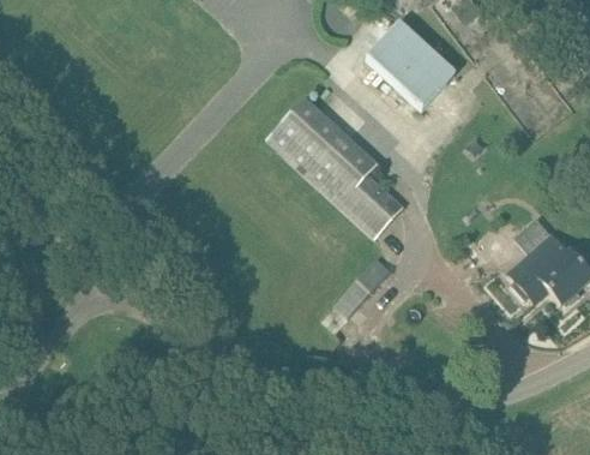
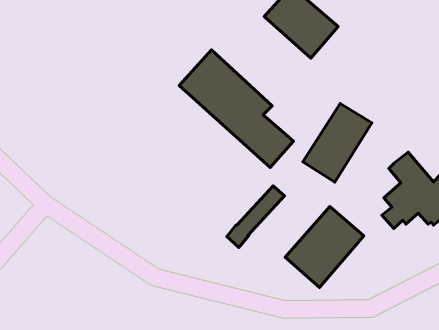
building: none -> [303,103,372,182]
building: none -> [285,207,364,288]

